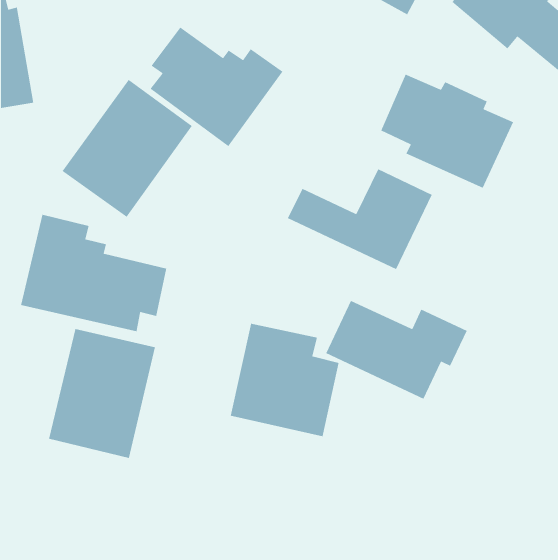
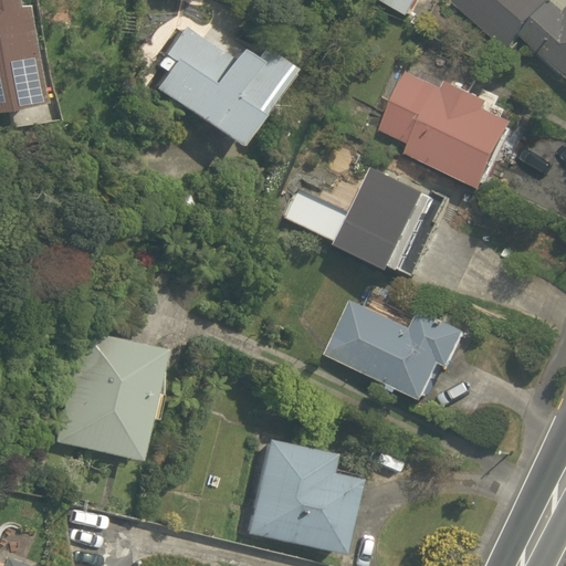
building: [61,79,193,218] -> none
building: [20,214,167,332] -> none
building: [230,323,340,437] -> [243,440,354,555]

